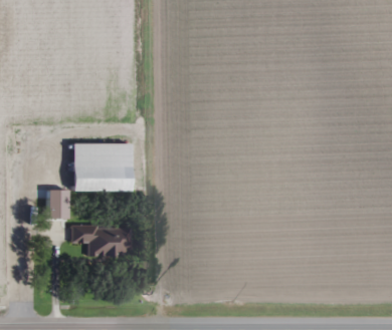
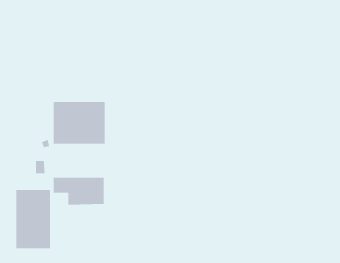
building: none -> [15,189,51,249]

